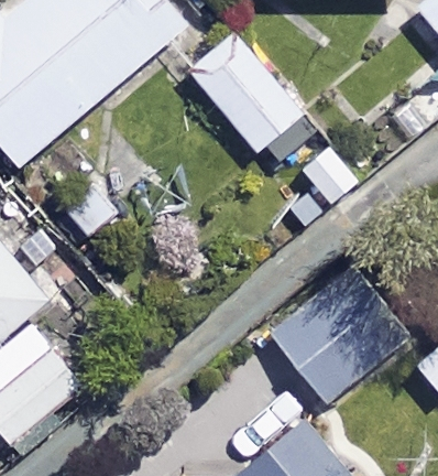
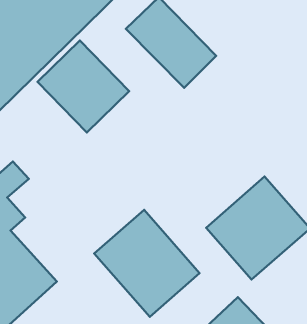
building: none -> [37,41,129,132]
building: none -> [94,210,200,317]

